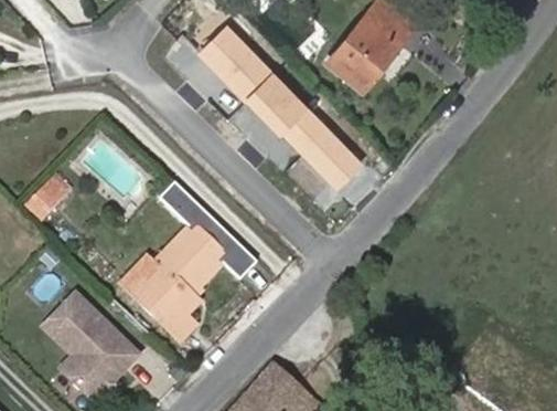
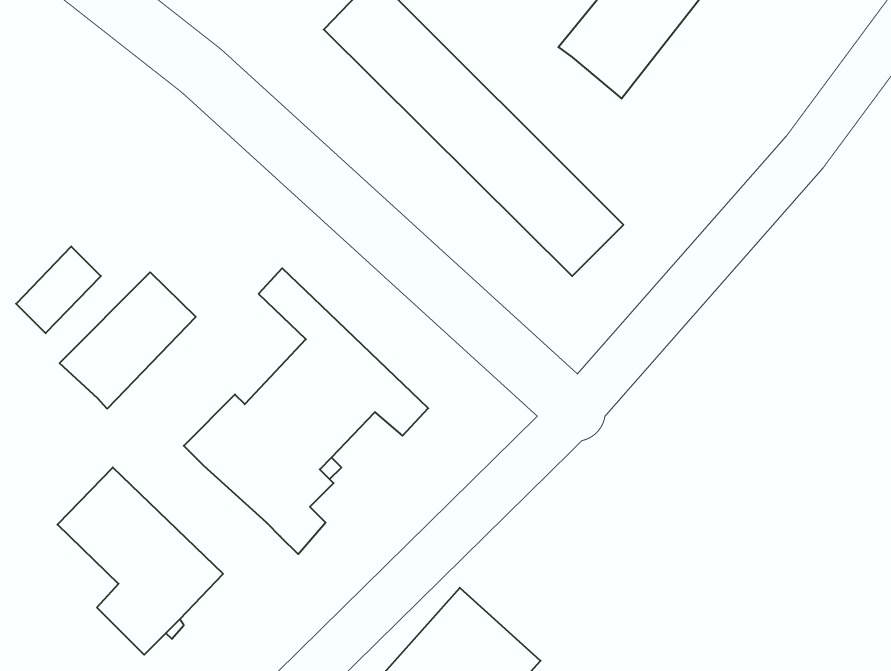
building: none -> [60,272,196,409]

